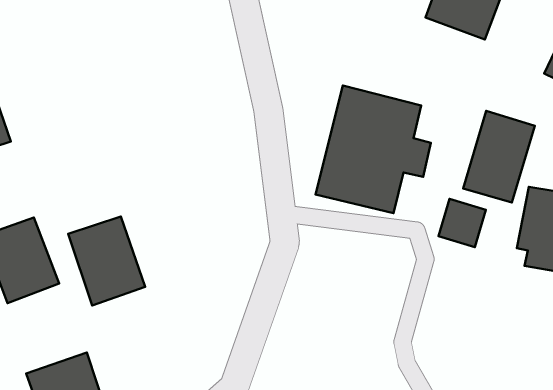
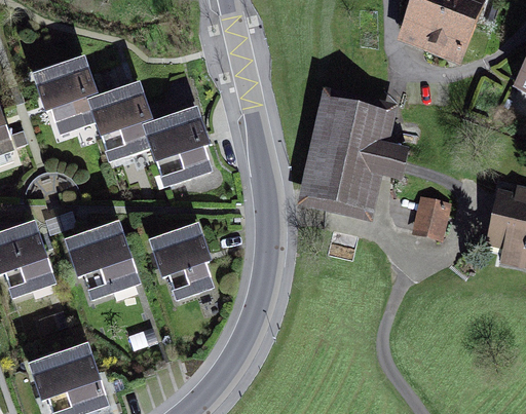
building: none -> [34,57,215,183]
building: [463,111,535,203] -> none
building: none -> [151,221,219,301]

